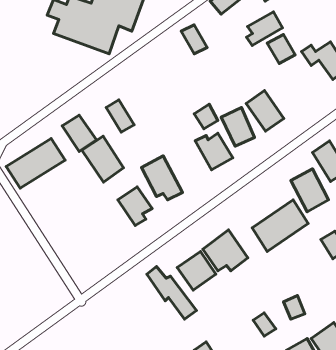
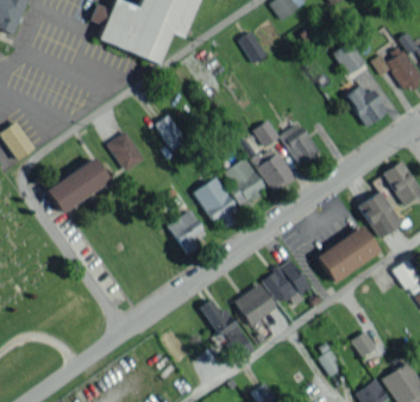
building: [247,12,283,46] -> none
building: [246,90,284,131] -> [345,81,387,126]
building: [82,136,123,182] -> none
building: none -> [222,158,265,206]

